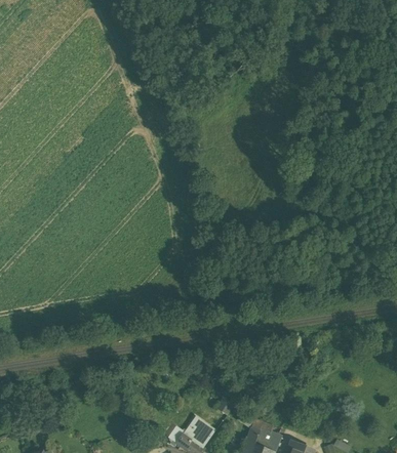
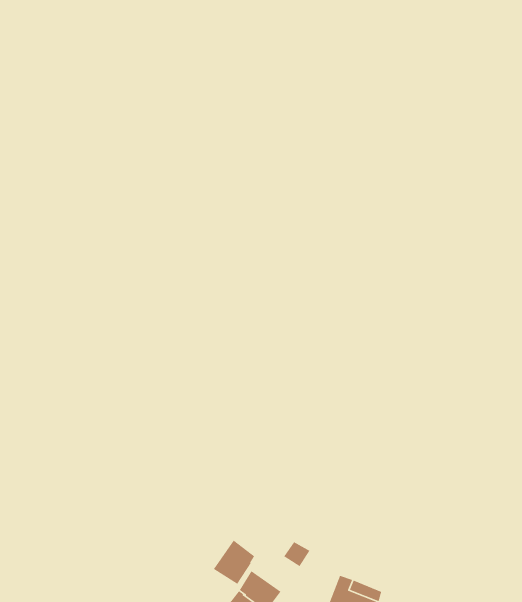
building: none -> [213,540,255,585]

